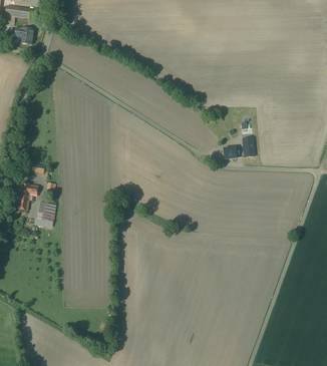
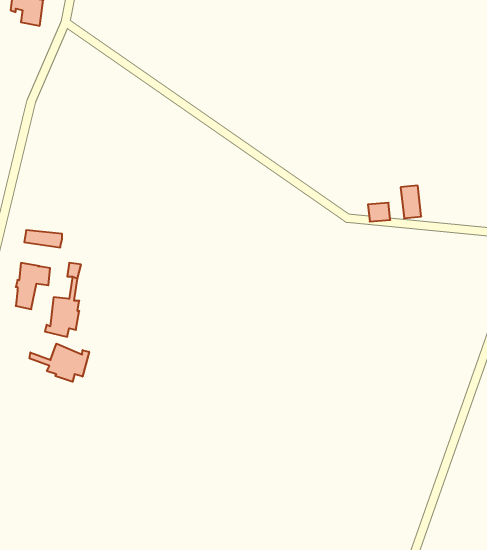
building: none -> [29,344,89,382]

